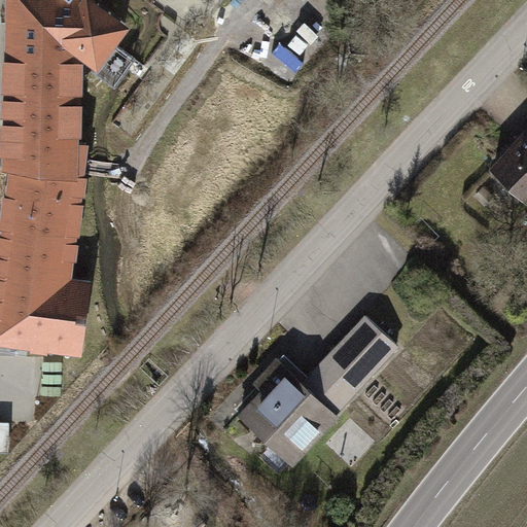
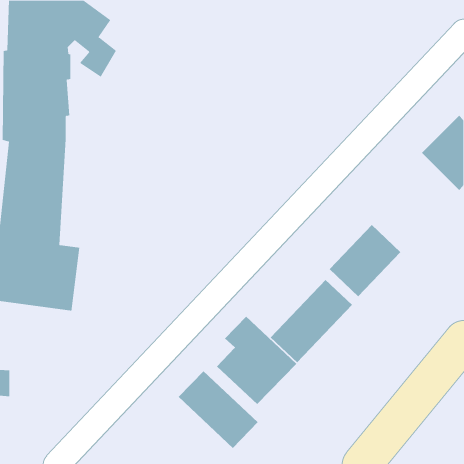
building: none -> [329,224,401,297]
building: none -> [178,370,258,449]

